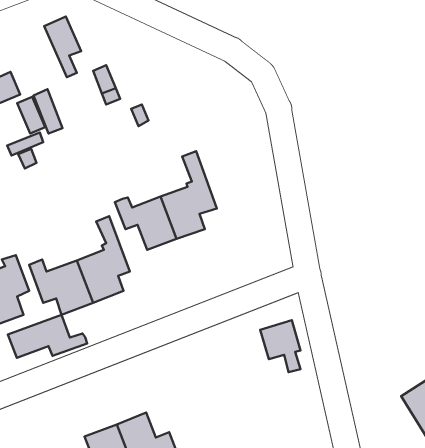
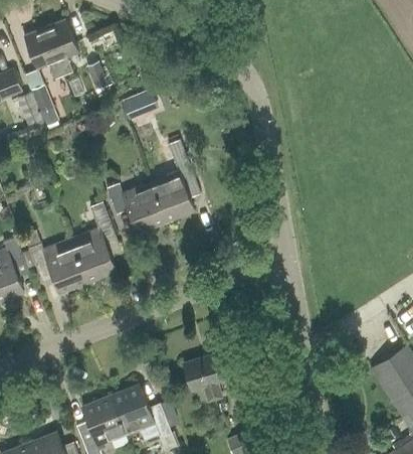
building: none -> [22,25,63,78]
building: [8,315,87,358] -> none
building: [260,320,300,372] -> [181,350,218,399]

